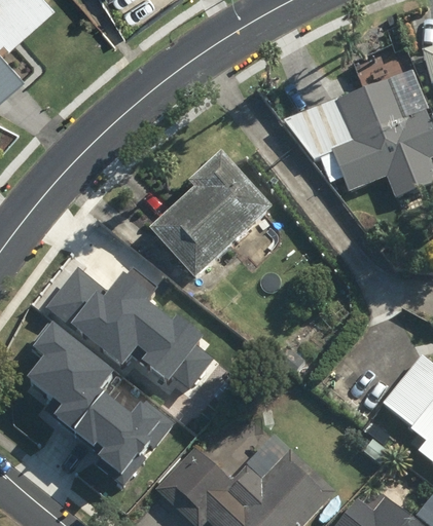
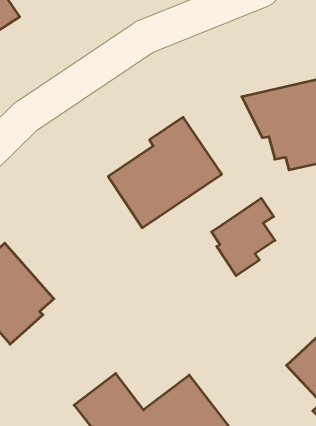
building: none -> [212,198,275,276]
building: [48,264,215,389] -> none
building: [73,393,172,481] -> none

